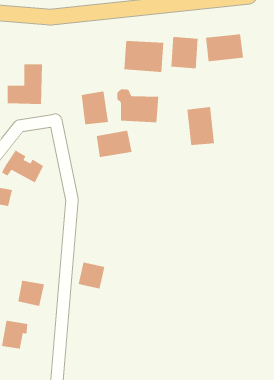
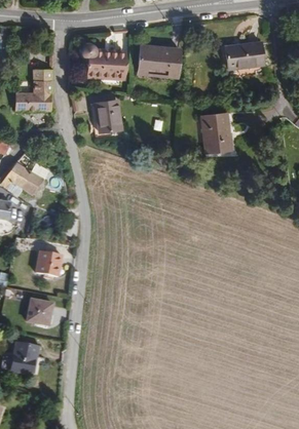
building: [171,36,198,69] -> none
building: [116,89,159,123] -> [78,43,123,79]
building: [96,130,132,158] -> none
building: [78,262,105,289] -> [37,247,66,276]

